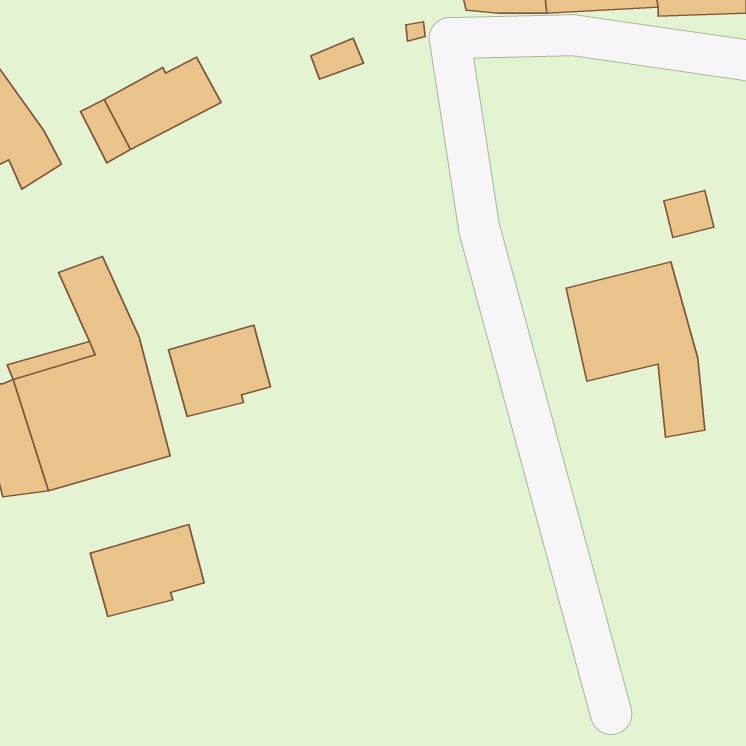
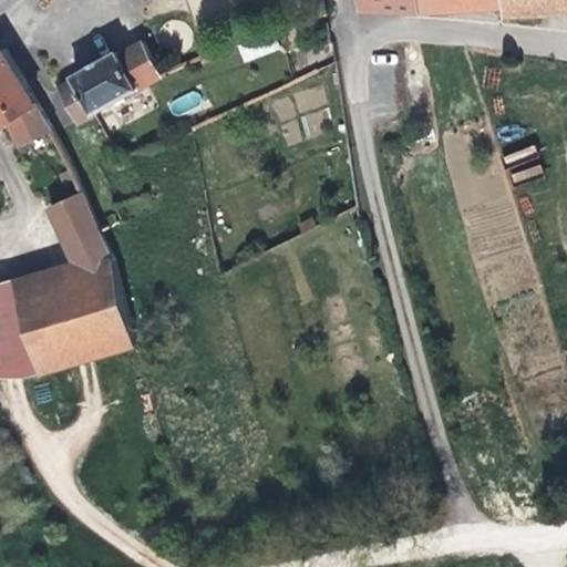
building: [566,262,705,437] -> none
building: [169,325,270,417] -> none
building: [90,524,204,616] -> none

